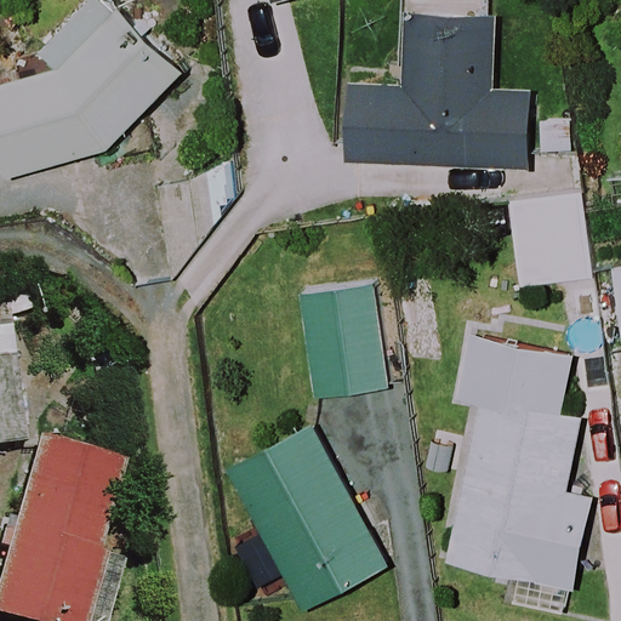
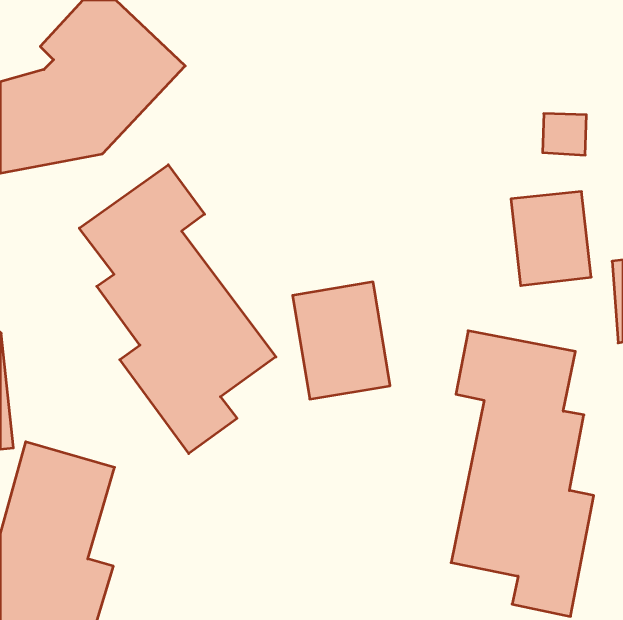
building: [337,12,529,167] -> none
building: none -> [79,165,276,454]
building: [230,427,384,610] -> none

